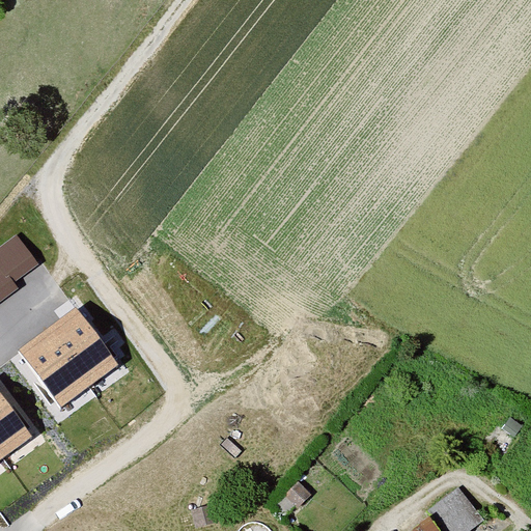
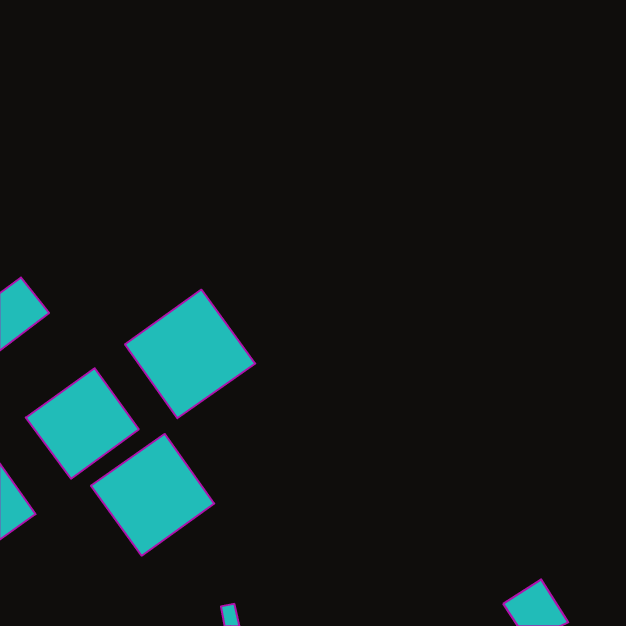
building: none -> [125,290,255,418]
building: none -> [91,434,214,556]

